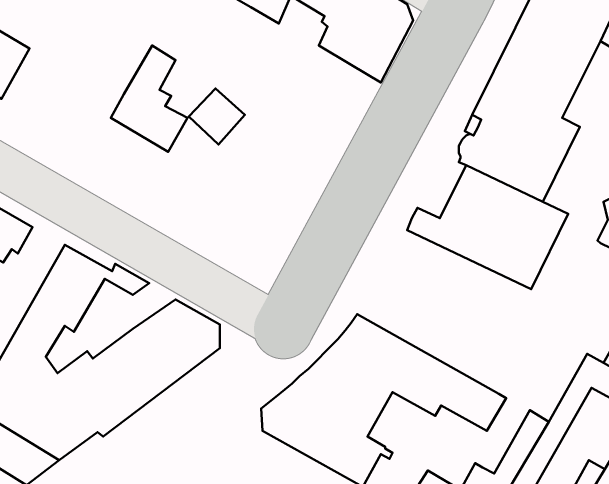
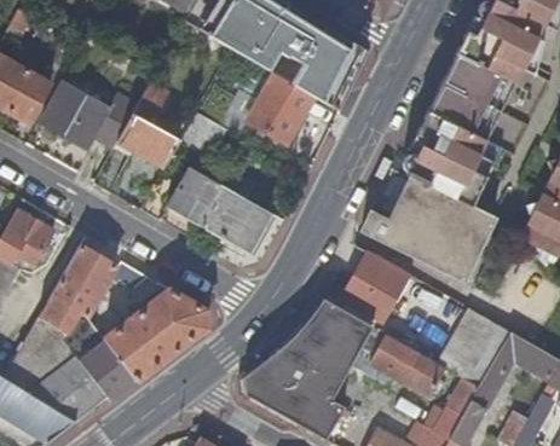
building: none -> [248,73,317,144]
building: none -> [42,85,131,149]
building: none -> [168,167,271,251]
building: none -> [342,254,411,324]
building: none -> [438,311,510,389]

